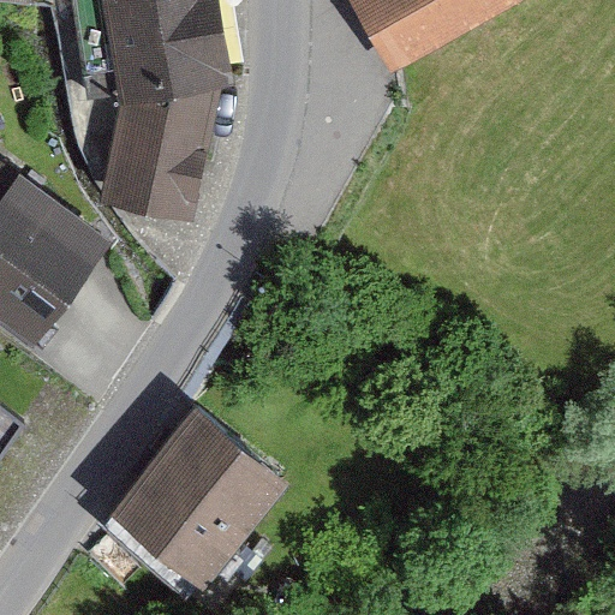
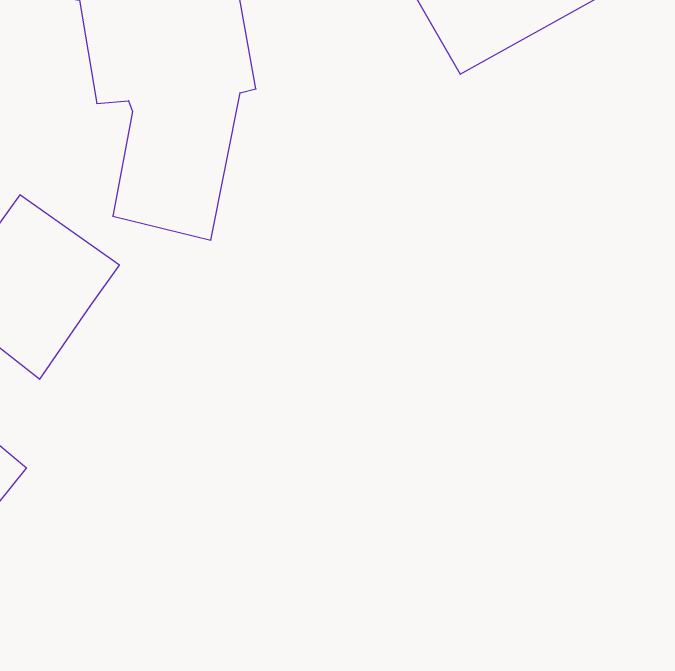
building: [100,407,282,593] -> none

